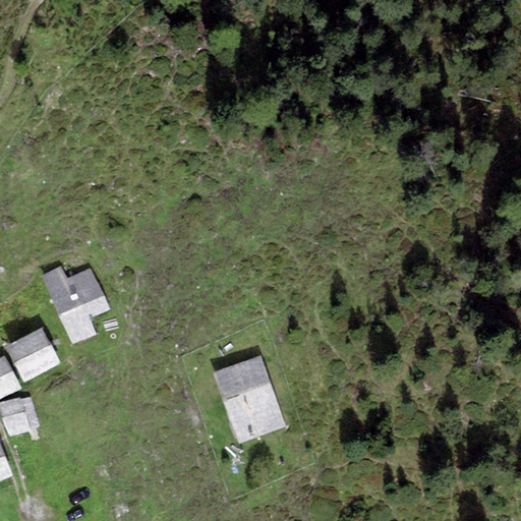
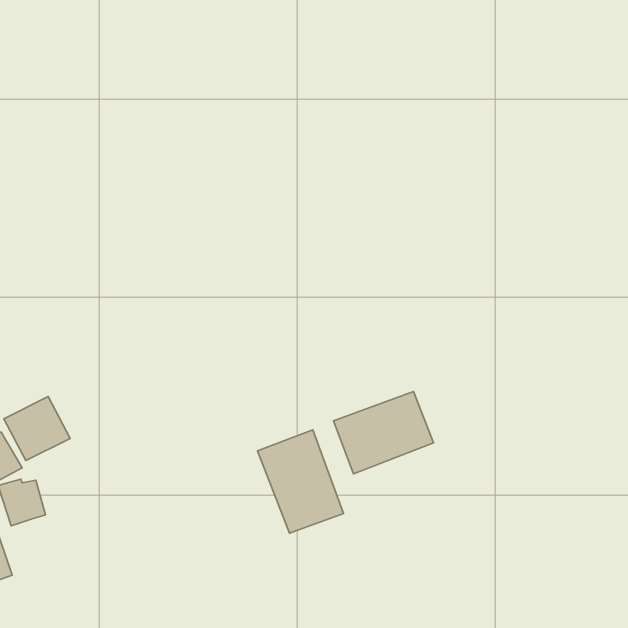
building: [42,267,109,344] -> none
building: none -> [333,391,434,474]

